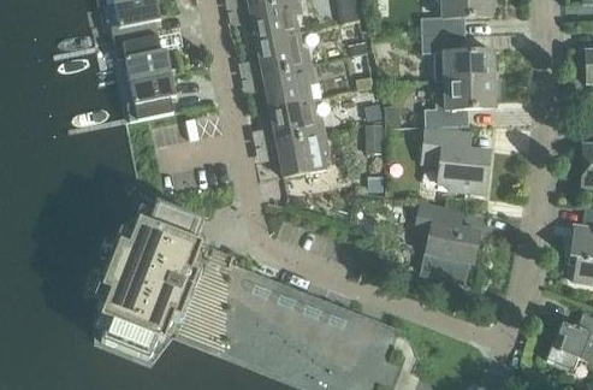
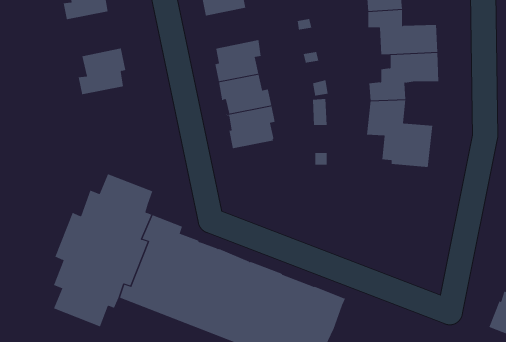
building: [256,32,312,75] -> none
building: [114,36,171,82] -> none
building: [415,203,480,283] -> none

